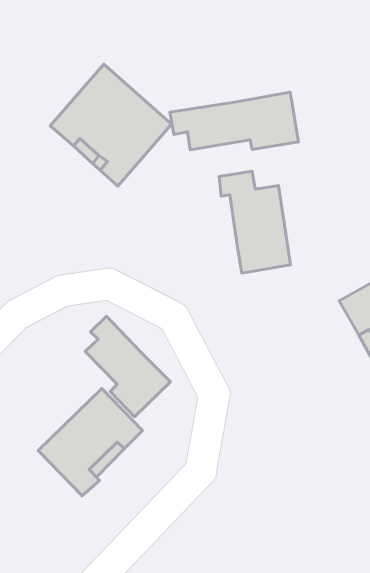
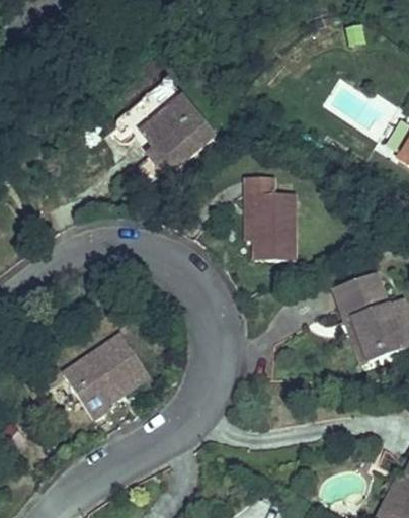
building: [170,92,299,150] -> none
building: [85,316,170,417] -> none

